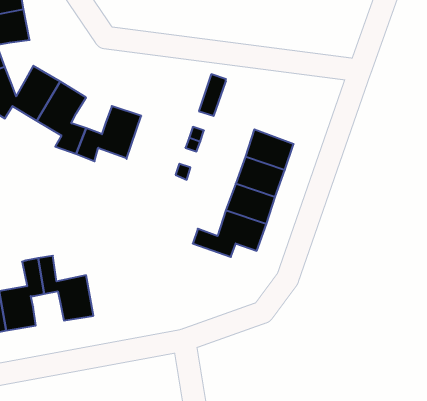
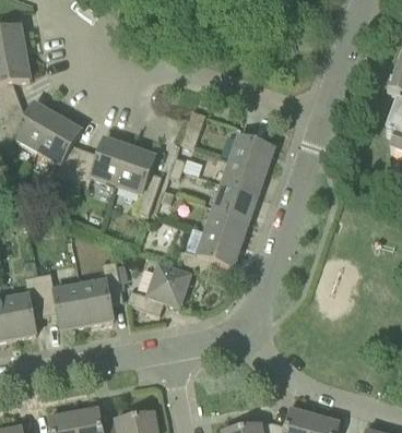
building: none -> [230,133,274,169]
building: none -> [117,144,159,213]
building: none -> [81,257,121,322]
building: none -> [127,262,190,312]

